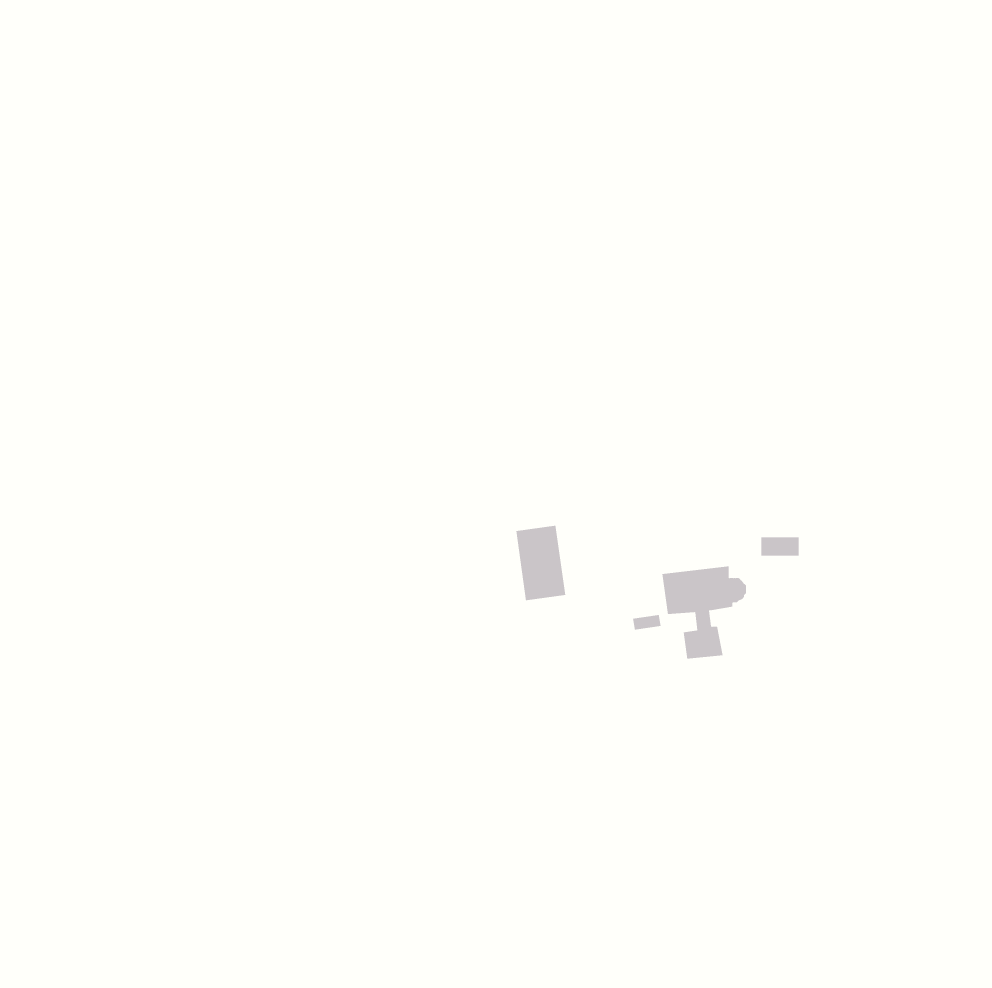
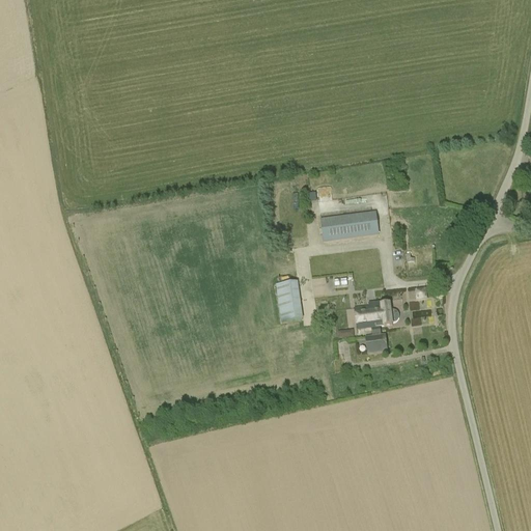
building: none -> [319,211,378,241]

